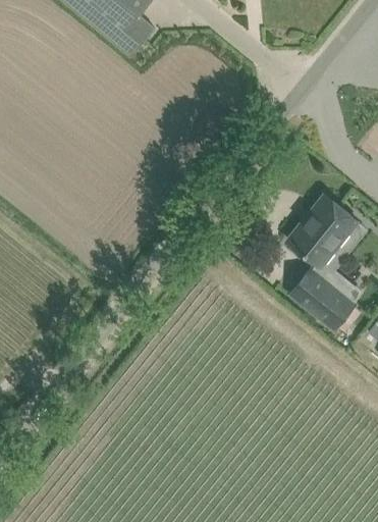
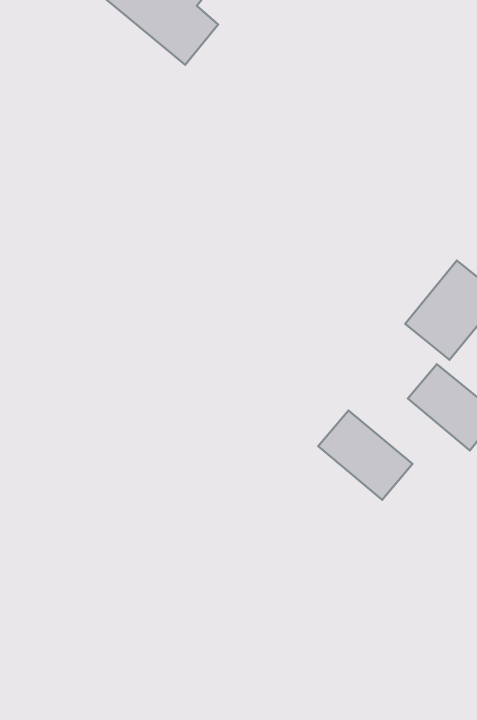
building: none -> [318,410,413,500]

